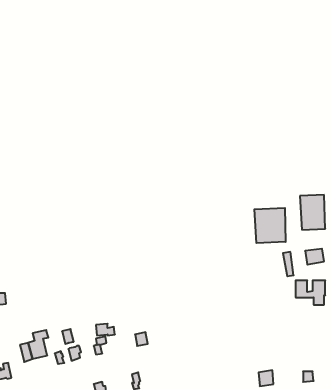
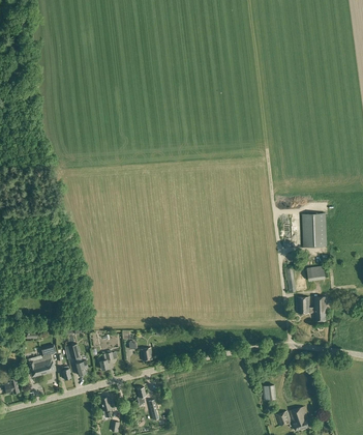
building: [254,208,286,243] -> none

